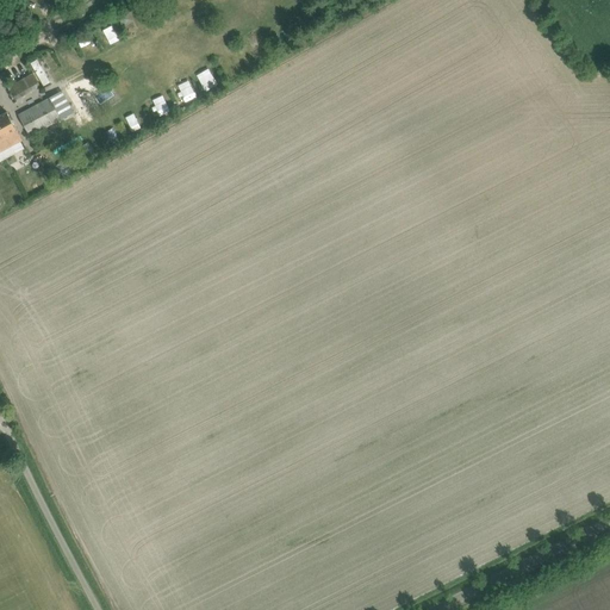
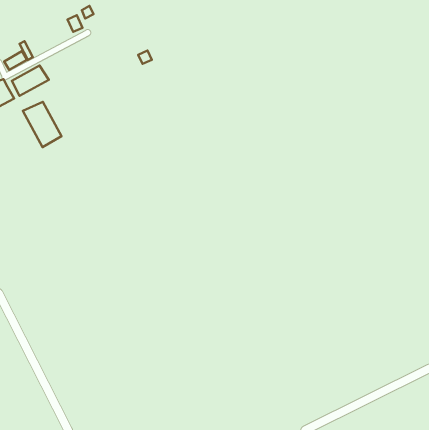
building: none -> [23,102,61,147]

